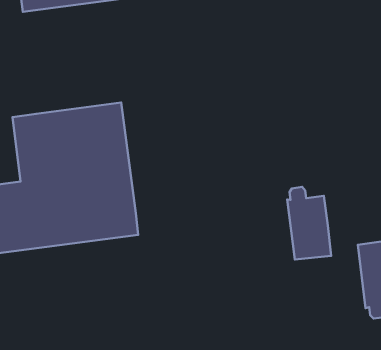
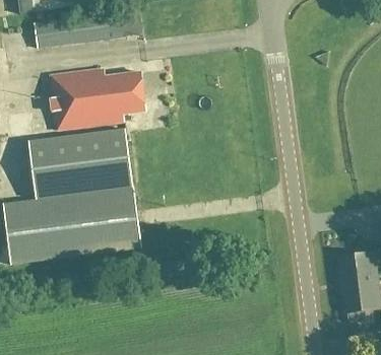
building: none -> [49,68,144,129]
building: [287,187,331,260] -> none

